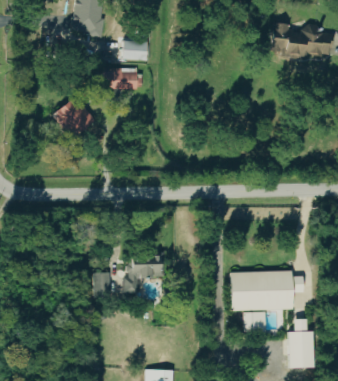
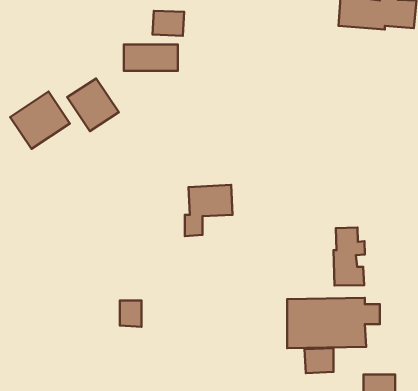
building: none -> [10,92,70,149]
building: none -> [333,227,365,286]
building: [125,253,163,294] -> [185,185,233,236]

